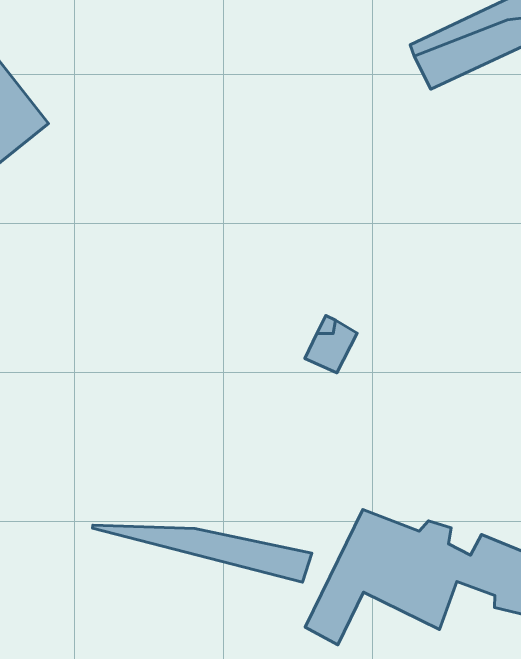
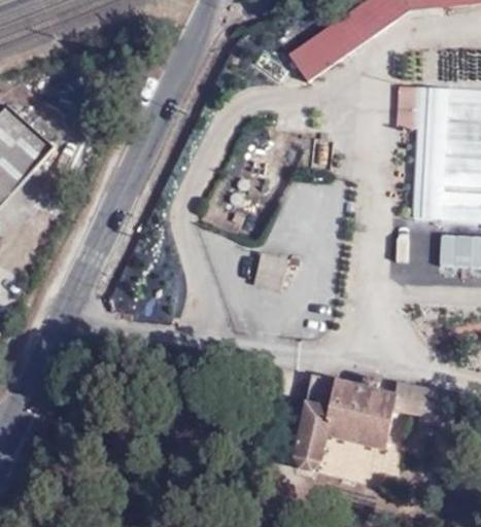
building: [93,525,312,582] -> none

